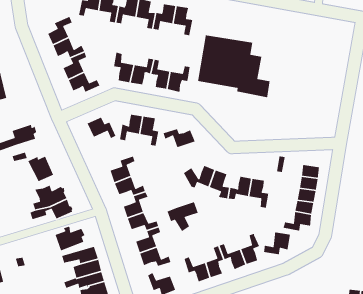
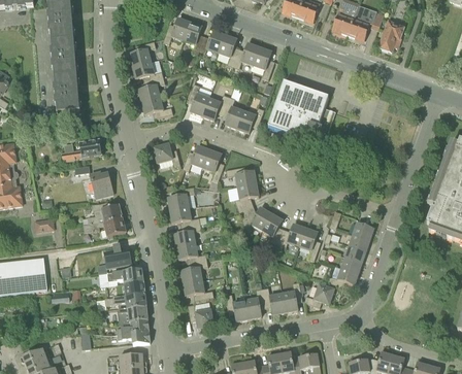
building: [167,201,199,232] -> [228,182,259,210]

